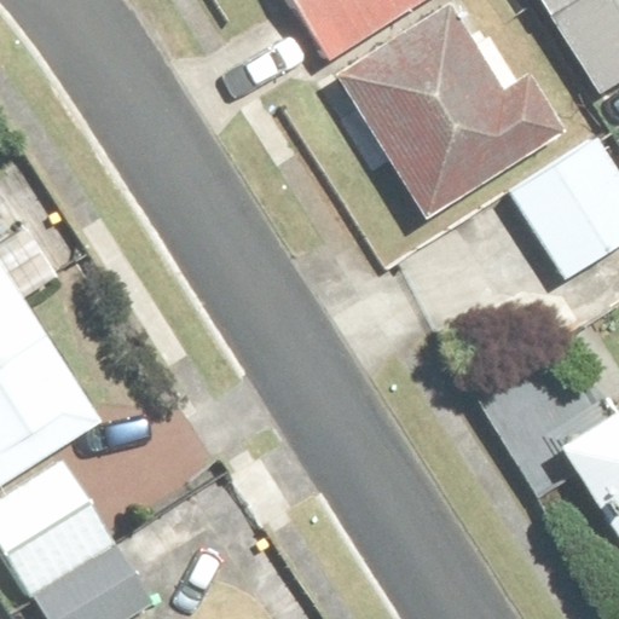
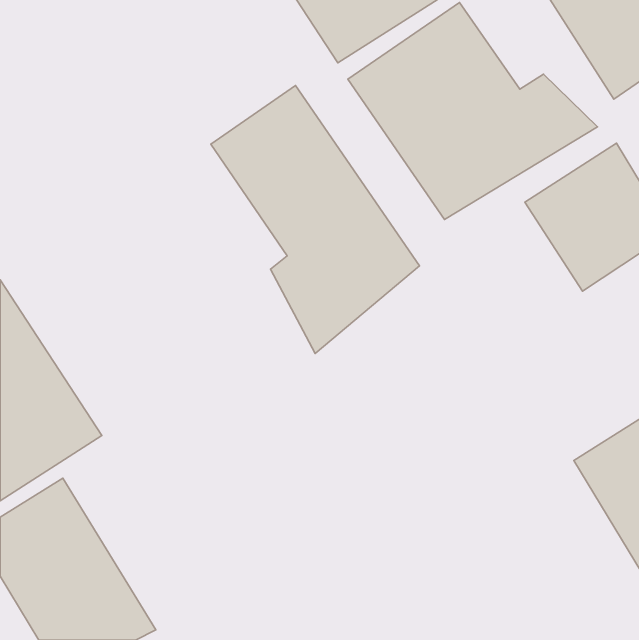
building: none -> [211,86,420,354]

